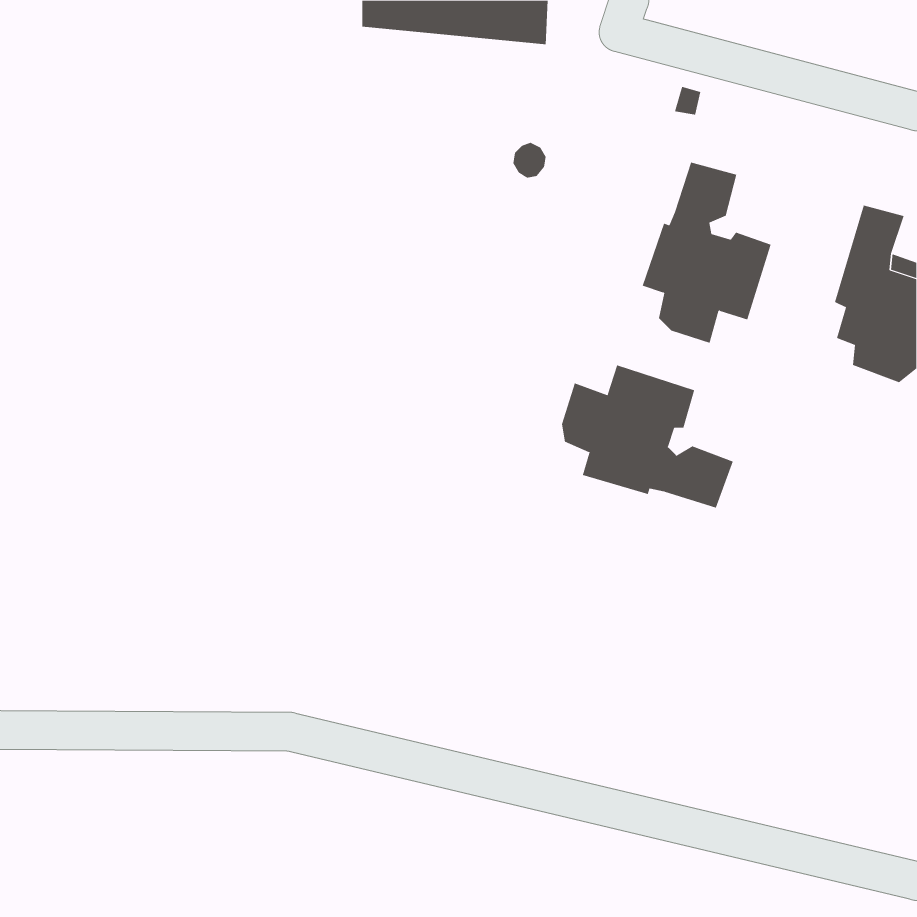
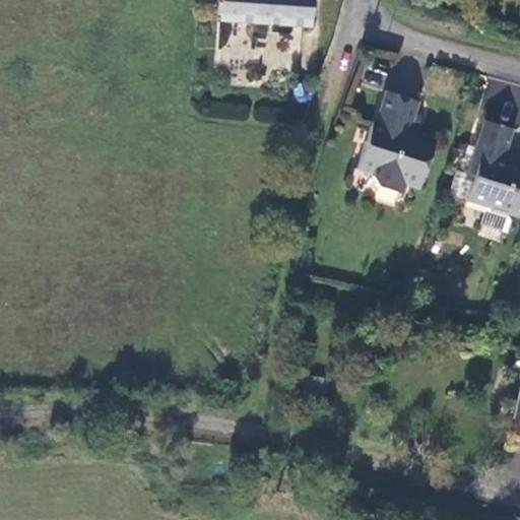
building: [561,364,734,509] -> none

